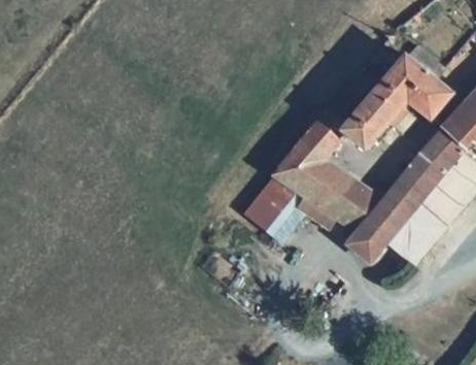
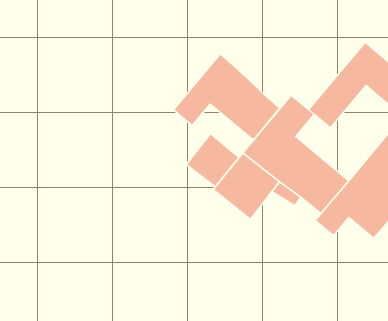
building: none -> [173,54,280,140]
building: none -> [186,134,239,187]

